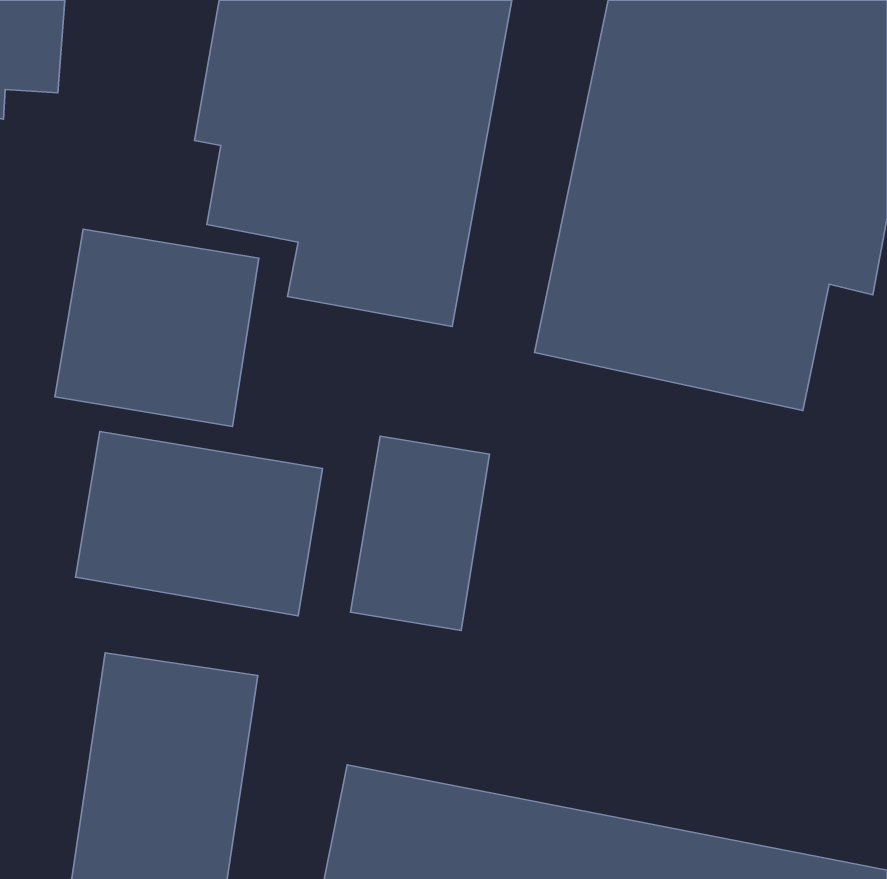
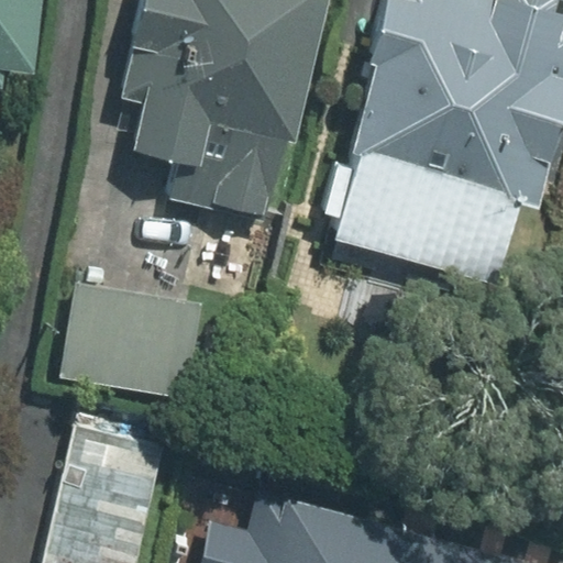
building: [55,229,259,427] -> none
building: [351,436,489,631] -> none

